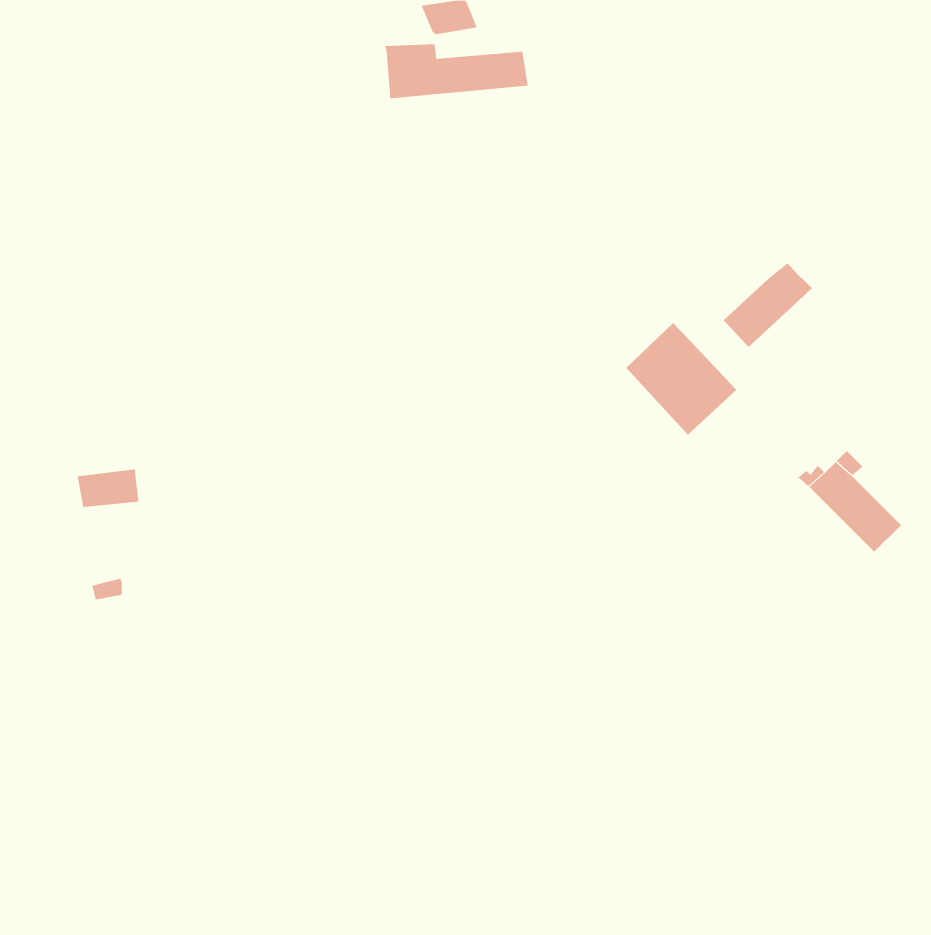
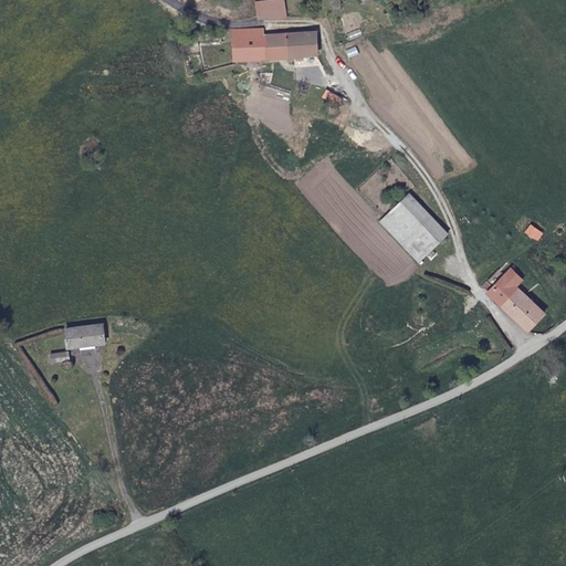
building: [723,262,813,348] -> none
building: [77,469,139,507] -> [70,323,107,346]

